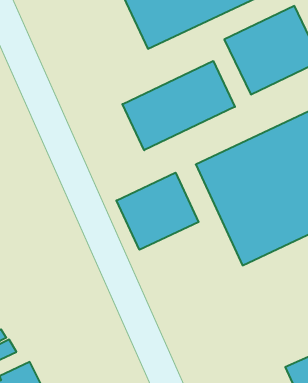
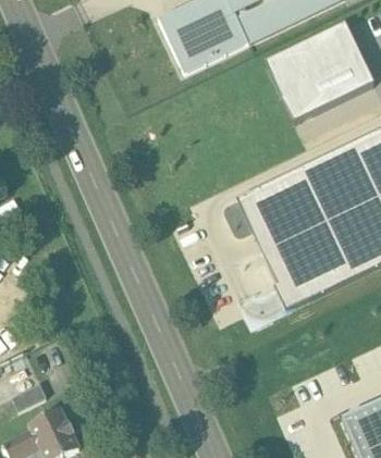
building: [122,61,235,150] -> none
building: [116,173,199,250] -> none

